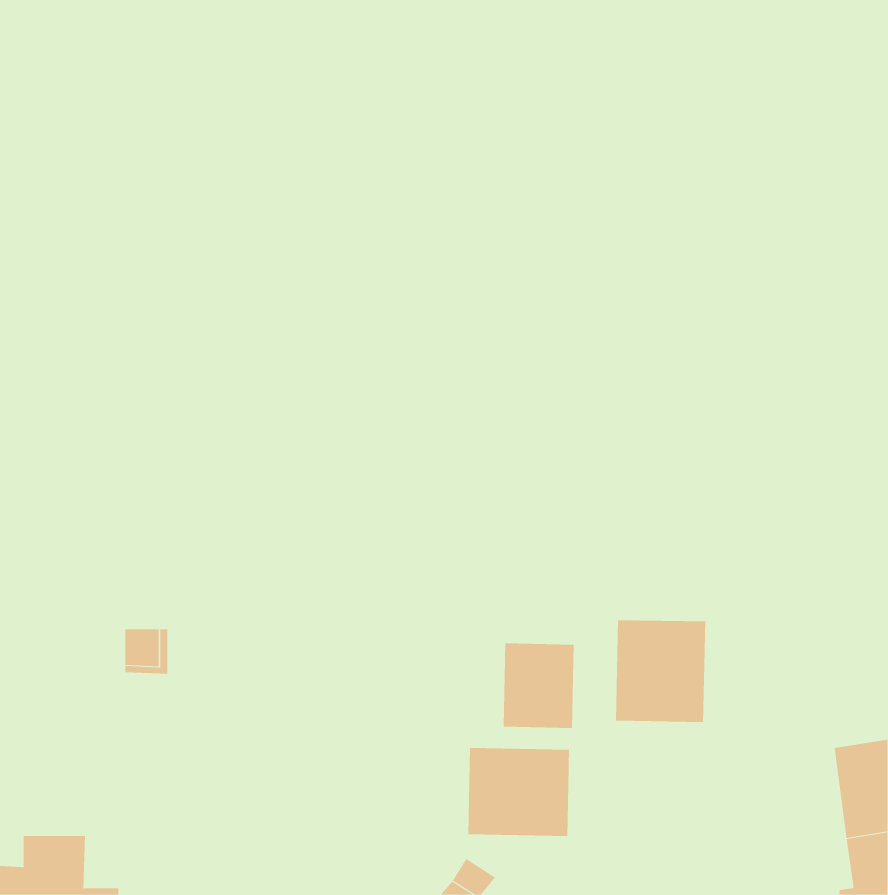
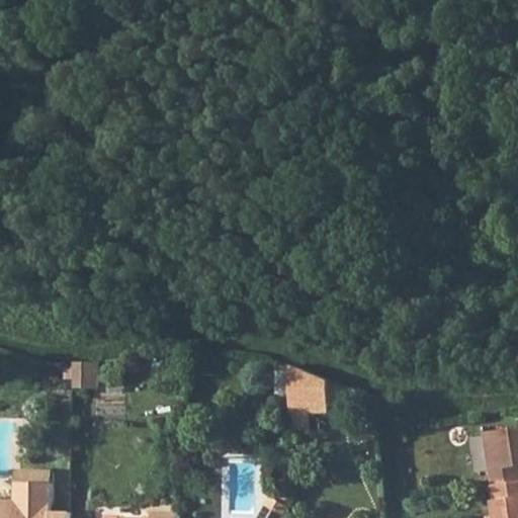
building: [615,619,706,723] -> none
building: [468,747,569,837] -> none

